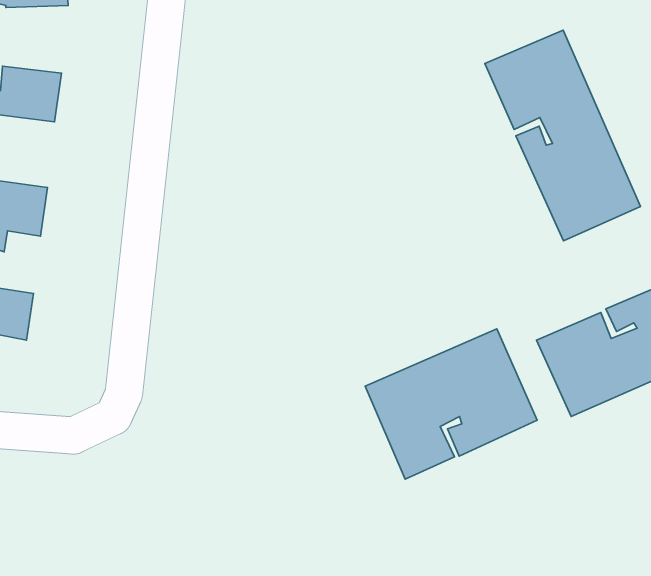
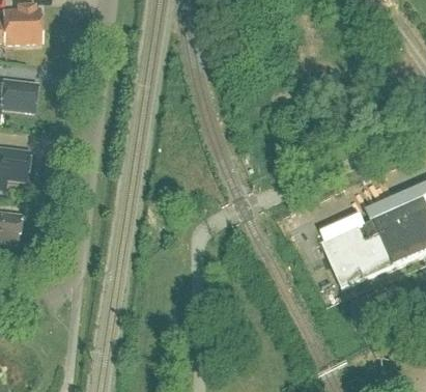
building: [485,30,640,241] -> none
building: [365,329,537,479] -> none

